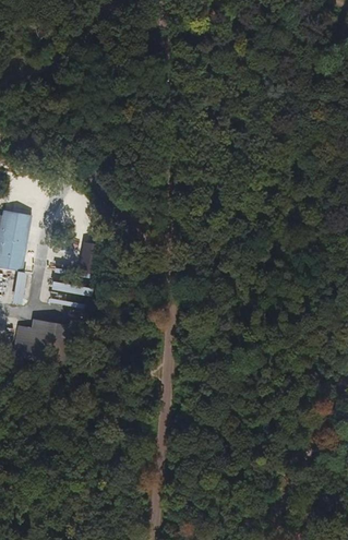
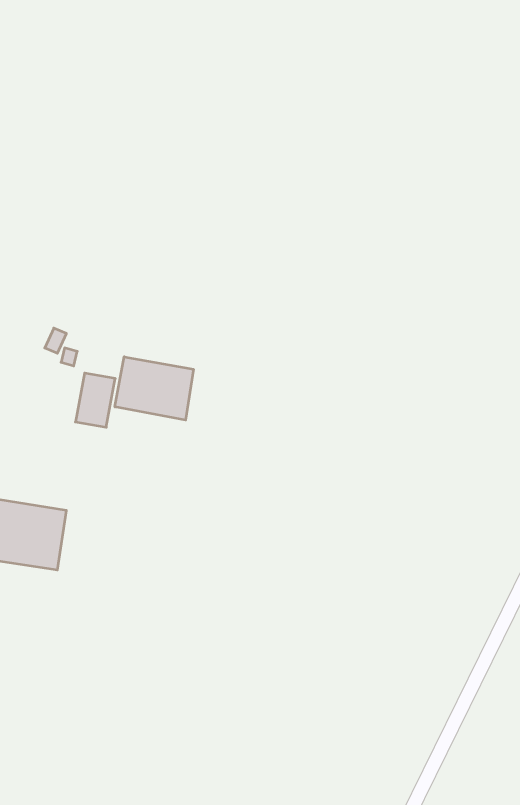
building: none -> [115,357,193,420]

